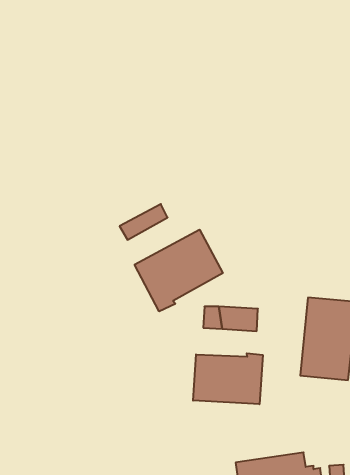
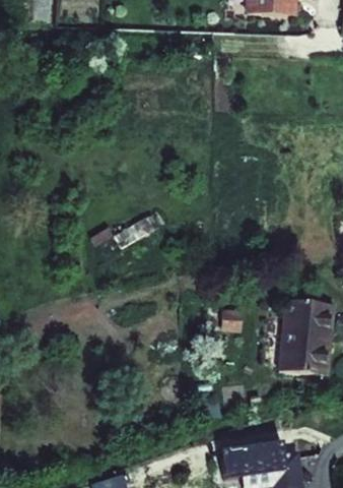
building: [135,230,223,311] -> none
building: [193,353,263,404] -> none

